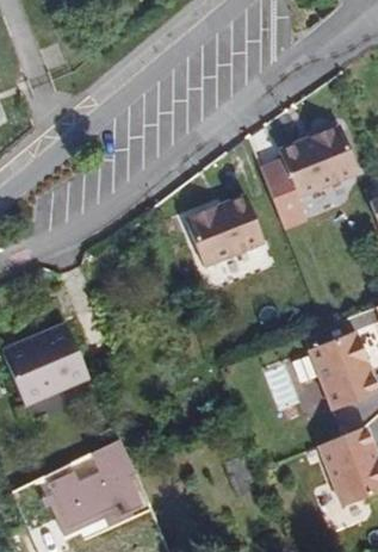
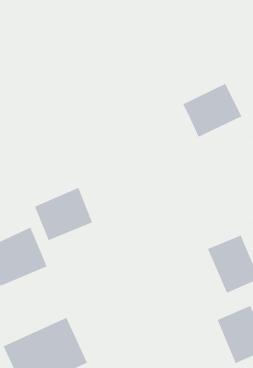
building: [260,166,310,240] -> none
building: [184,192,264,265] -> [34,187,93,241]

